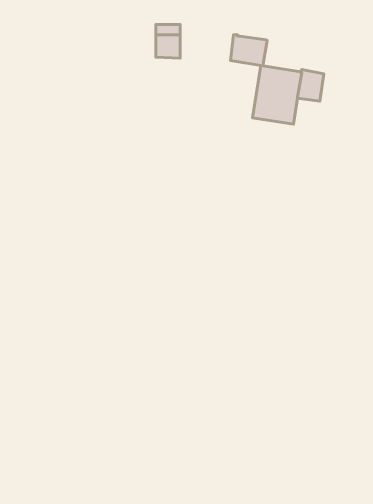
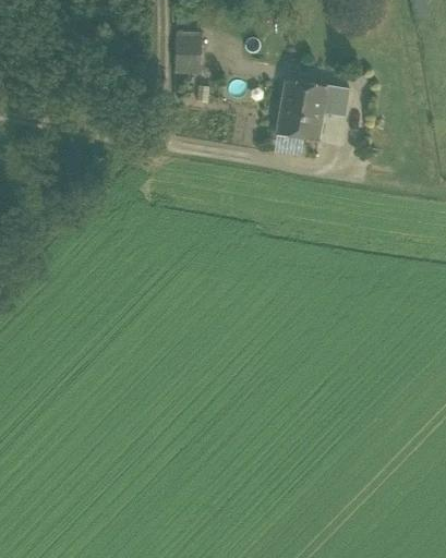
building: [230,34,267,66] -> none

